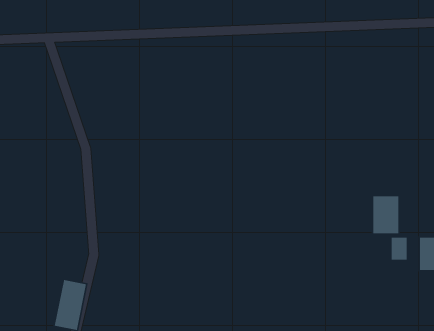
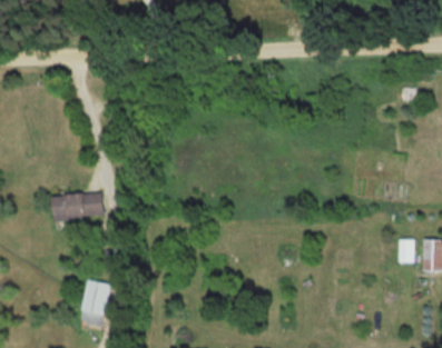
building: none -> [51,193,101,219]
building: [373,195,399,234] -> none

